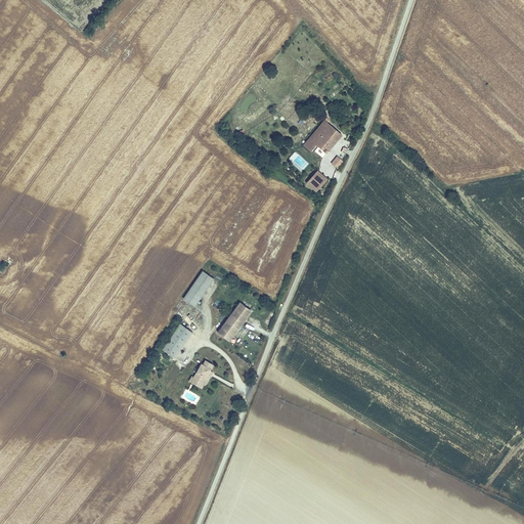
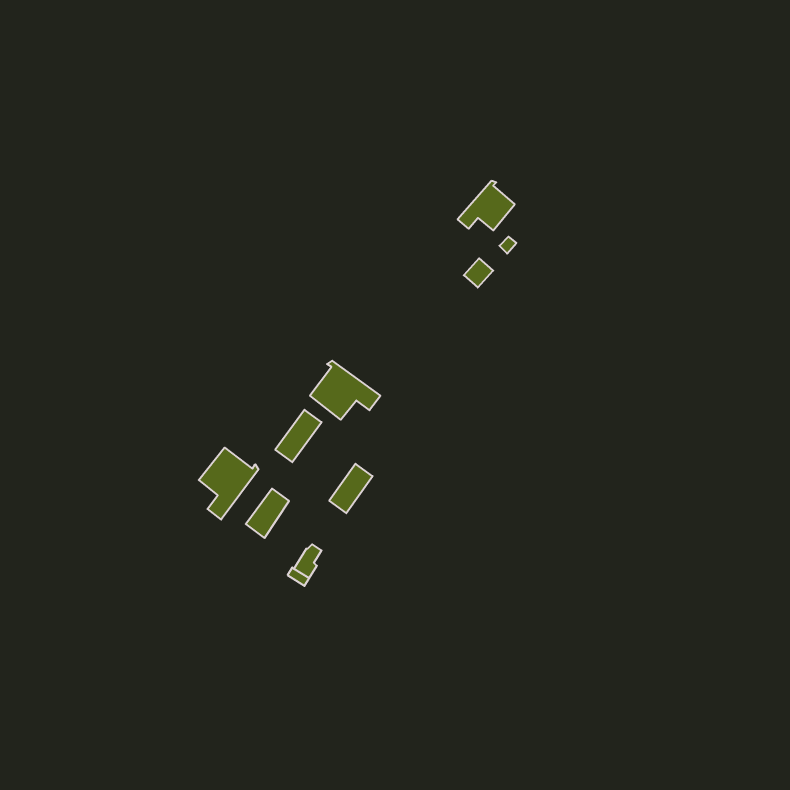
building: none -> [310,361,380,420]
building: none -> [199,448,258,520]

